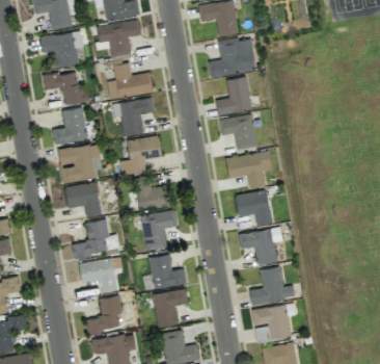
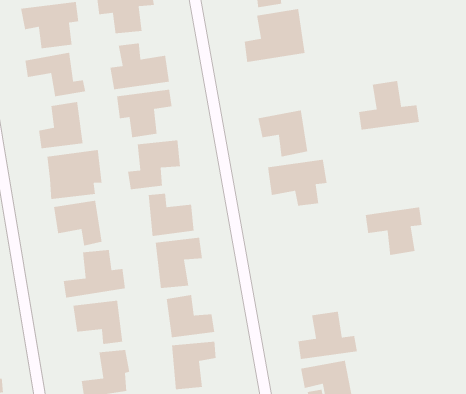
building: [216,77,263,115] -> [358,80,420,131]
building: [236,191,272,226] -> none
building: [239,228,282,265] -> [365,206,422,256]

